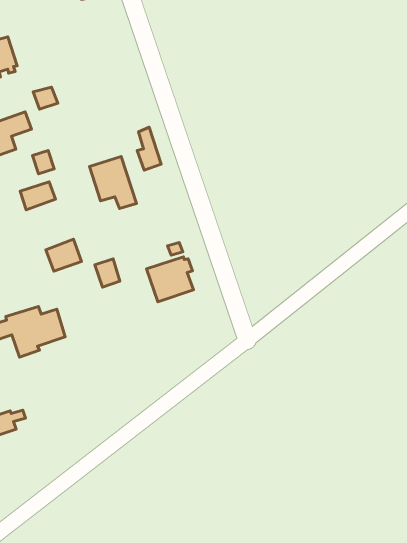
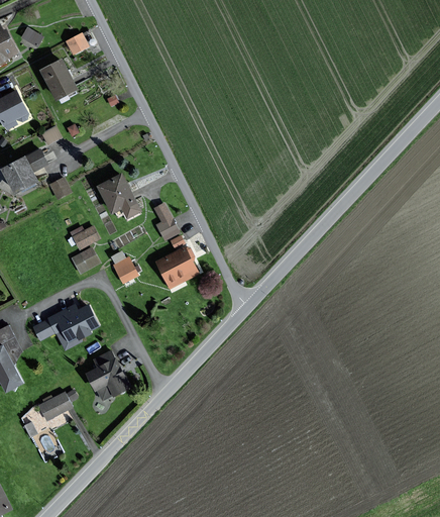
building: none -> [40,60,75,98]
building: [137,127,161,170] -> [154,204,177,239]
building: [20,182,55,210] -> [73,225,102,250]
building: none -> [86,350,128,399]

